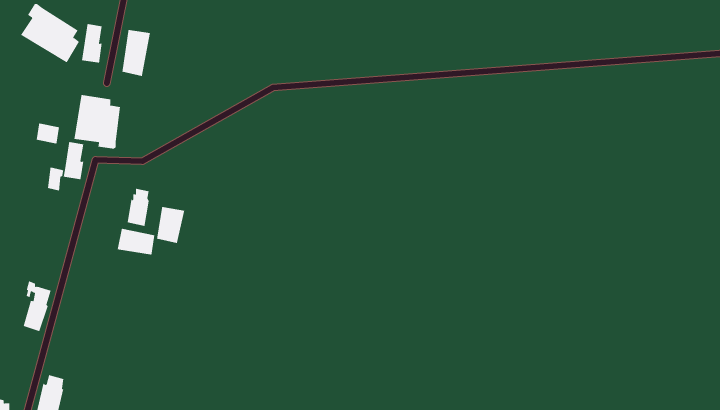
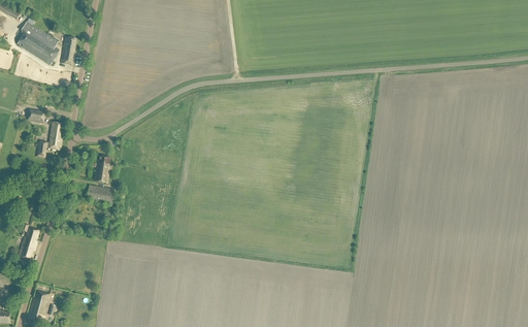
building: [122,29,151,77] -> none
building: [74,94,121,149] -> none
building: [156,206,185,244] -> none

